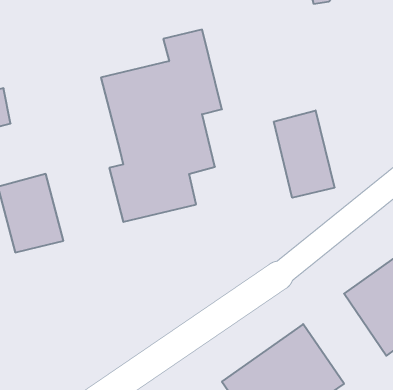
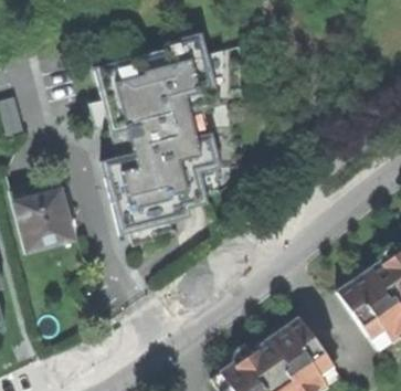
building: [274,110,334,198] -> none

